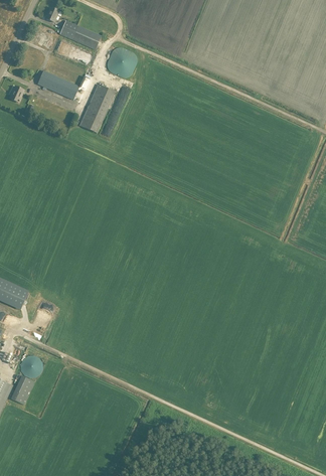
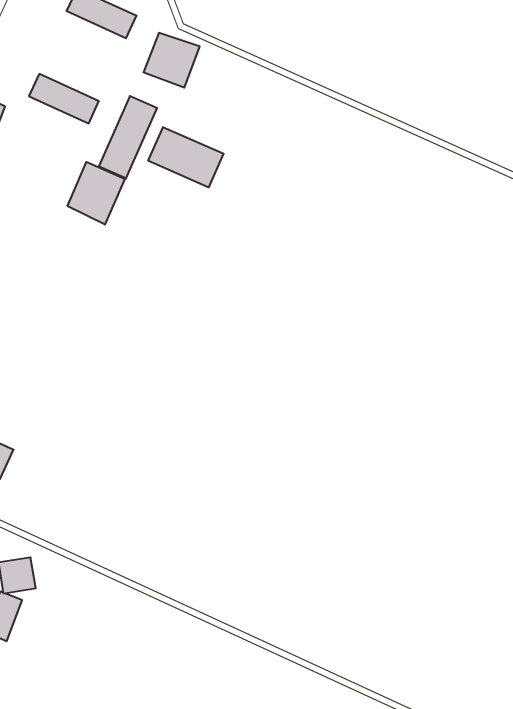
building: none -> [148,127,224,187]
building: none -> [68,162,125,225]

